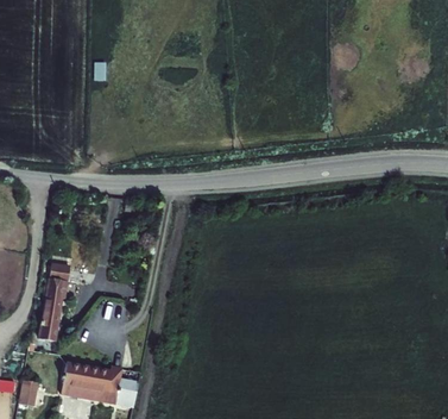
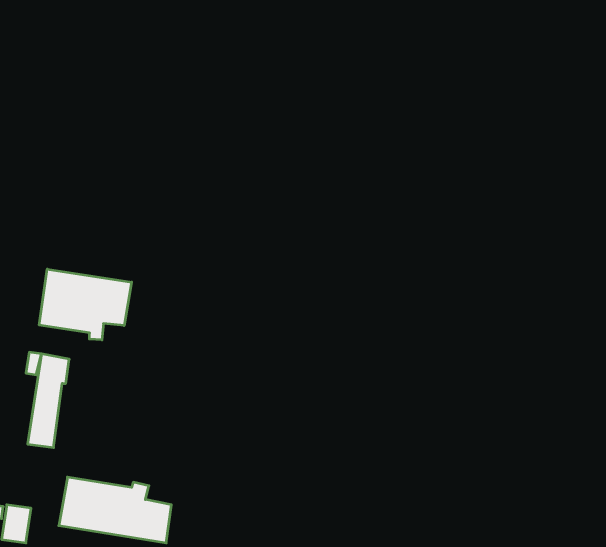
building: none -> [39,269,132,340]

